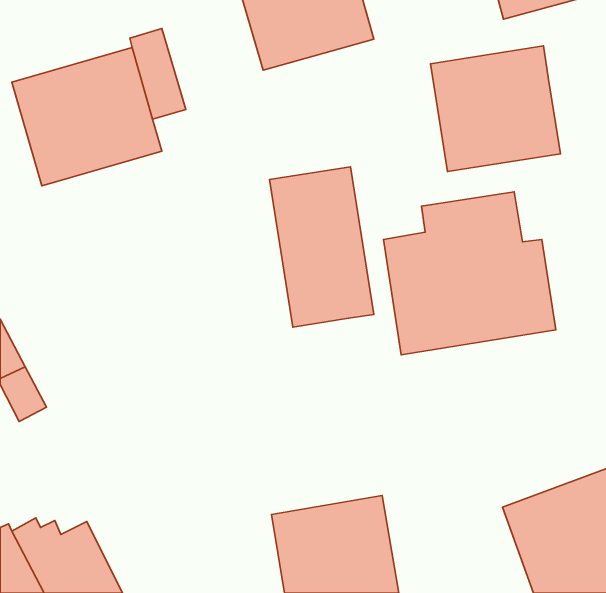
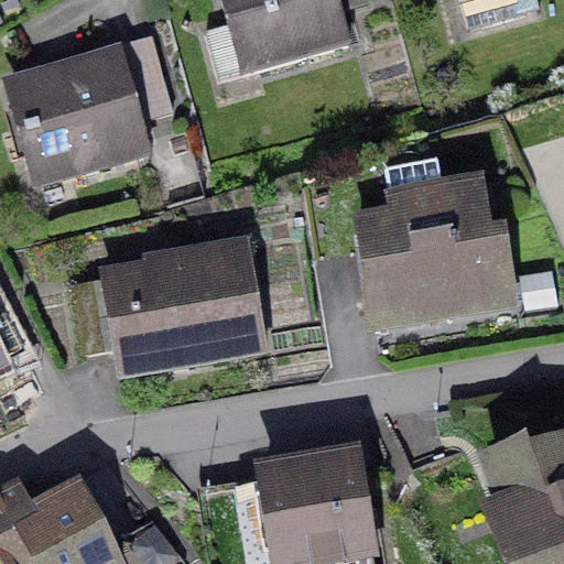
building: [430,46,560,172] -> none
building: [270,167,374,327] -> none
building: none -> [94,227,269,388]

